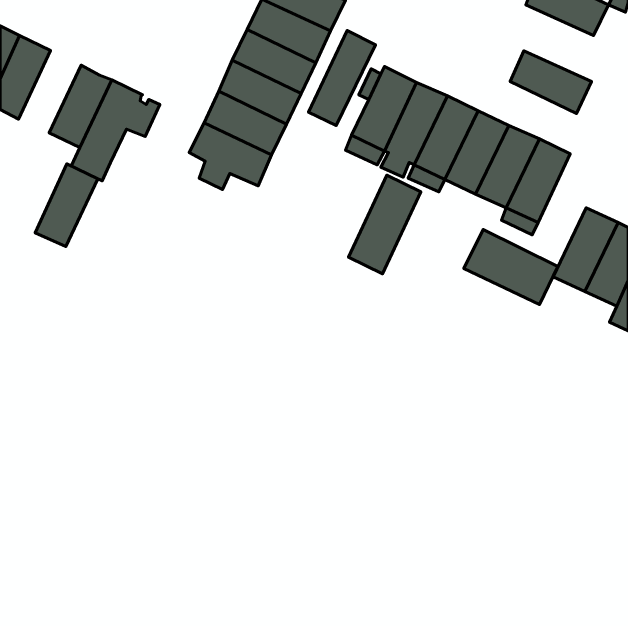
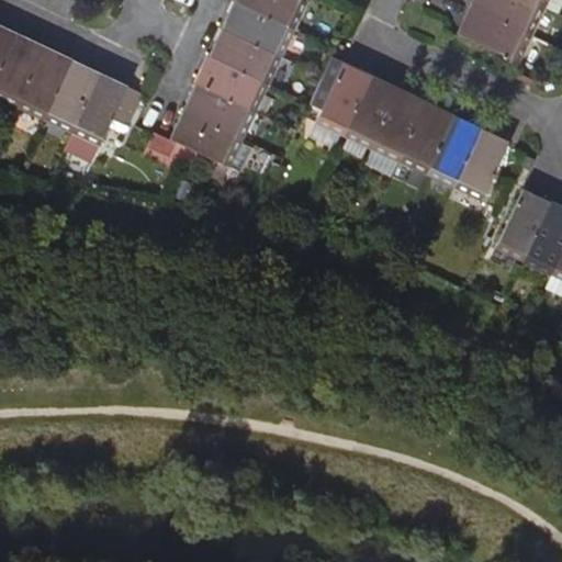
building: [309,30,375,126] -> none
building: [510,51,591,114] -> [458,4,530,60]
building: [35,164,98,246] -> [16,45,72,119]
building: [349,175,421,274] -> none
building: [464,229,558,305] -> none

